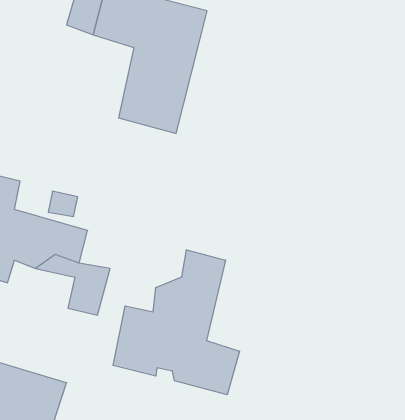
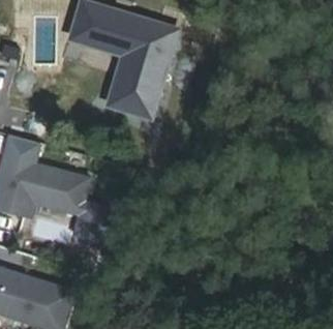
building: [113,250,240,395] -> none

